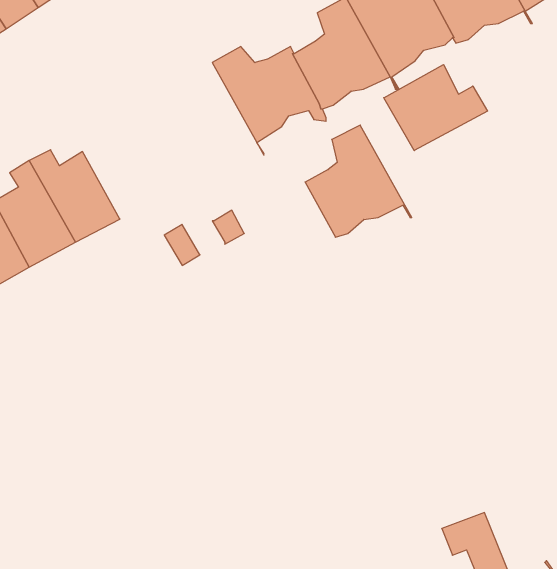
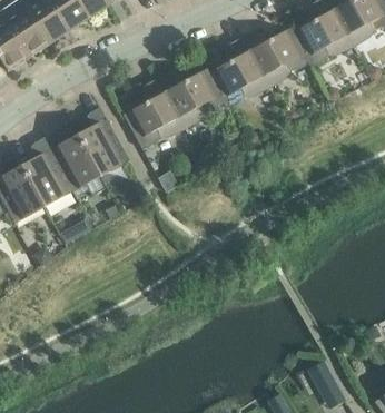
building: [384,65,488,151] -> none
building: none -> [76,105,135,184]
building: [305,125,412,237] -> [122,78,189,148]

